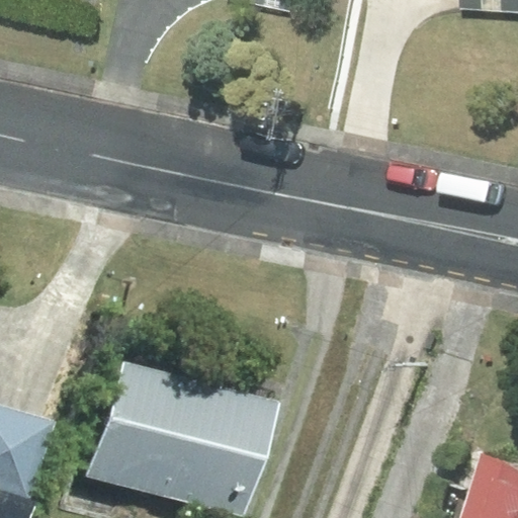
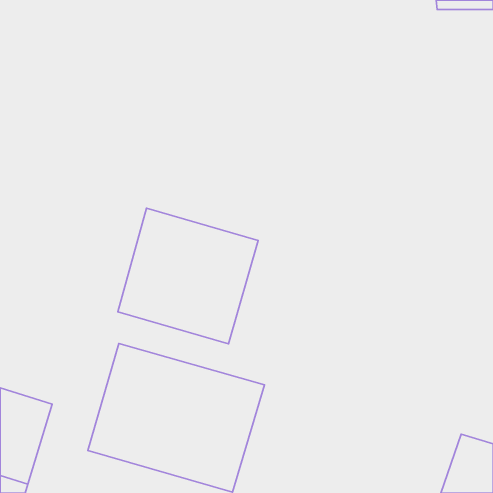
building: none -> [118,208,258,344]

